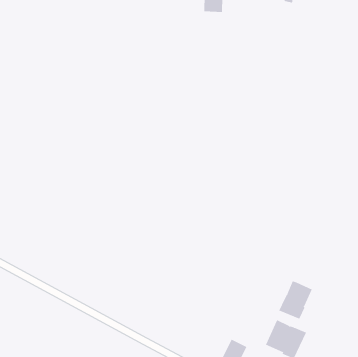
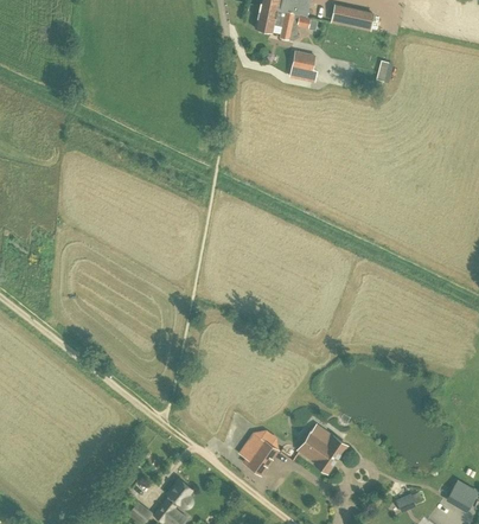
building: [279,280,312,320] -> none

